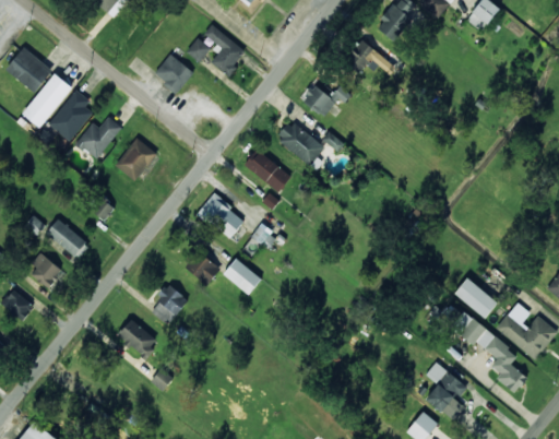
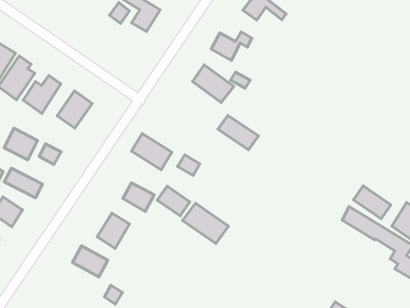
building: [154,55,193,94] -> none
building: [245,150,292,192] -> [218,115,258,150]
building: none -> [4,128,37,160]
building: none -> [183,203,229,243]
building: [426,363,465,414] -> none

